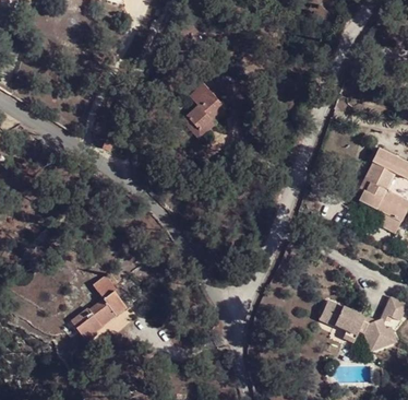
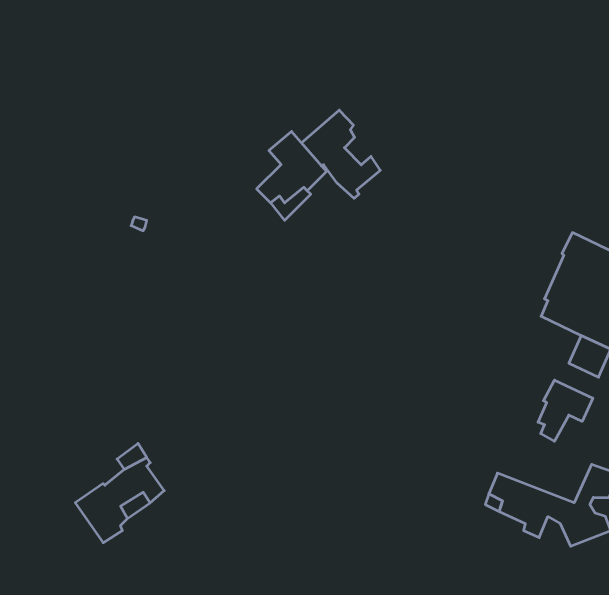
building: none -> [301,110,380,198]
building: none -> [538,380,593,441]

